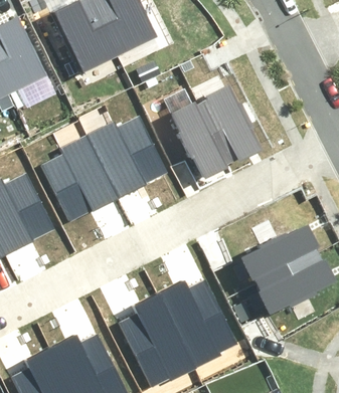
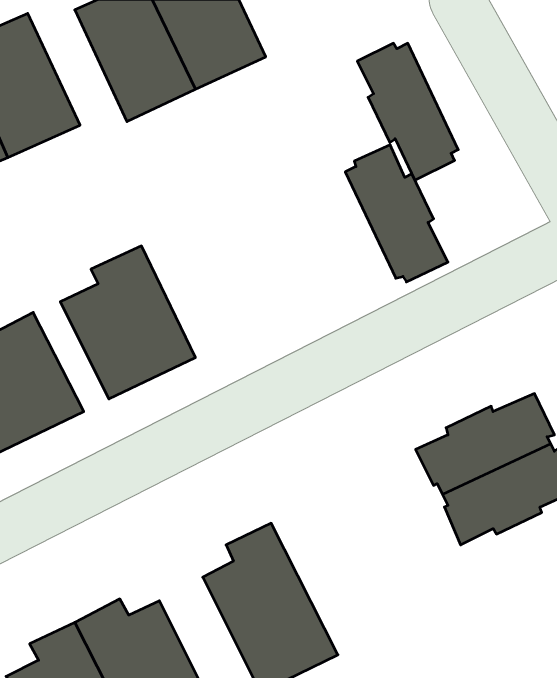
building: [172,100,228,176] -> [357,43,458,180]
building: [87,124,167,203] -> none
building: [159,282,238,369] -> none

